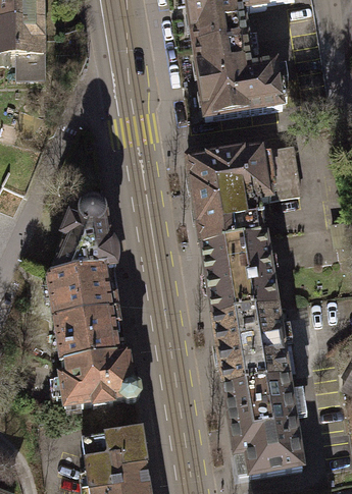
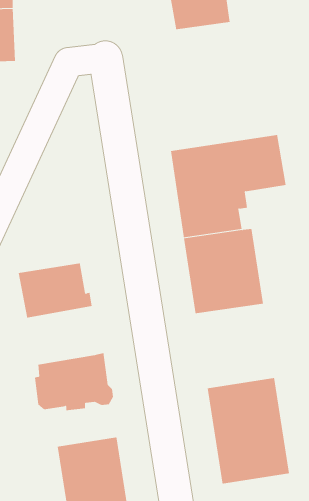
building: [195,39,287,116] -> none
building: [46,201,115,275] -> none
building: [213,305,289,384] -> none
building: [54,307,118,363] -> none

